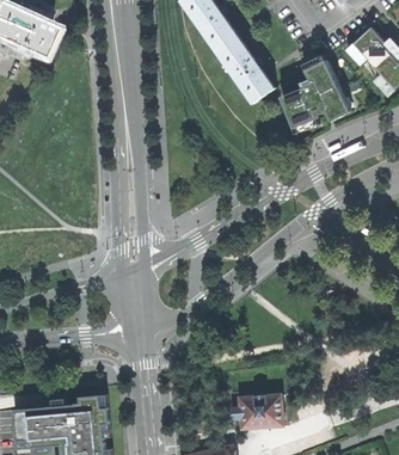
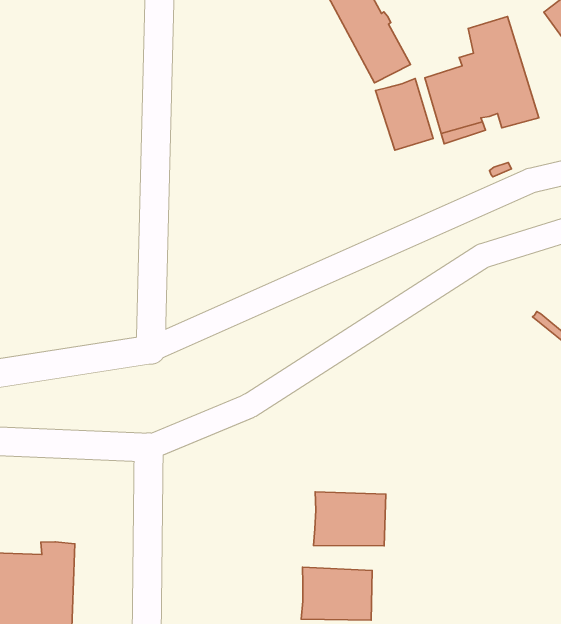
building: none -> [375,78,433,150]
building: none -> [314,492,386,546]

